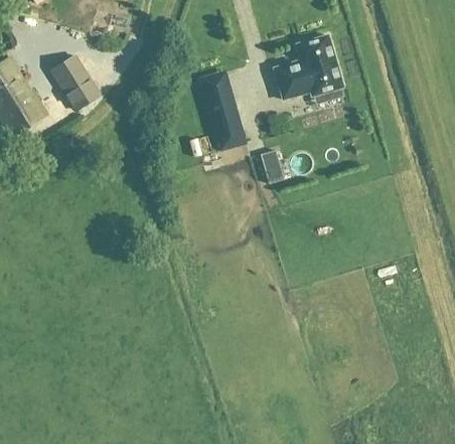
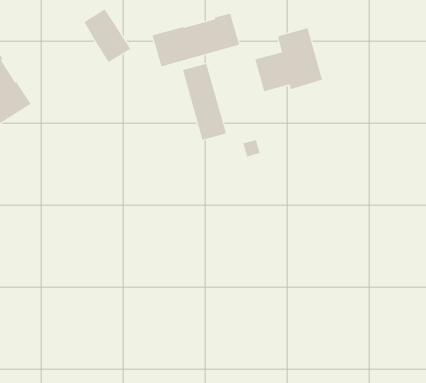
building: none -> [152,13,240,67]
building: [52,54,101,110] -> [83,8,131,63]

